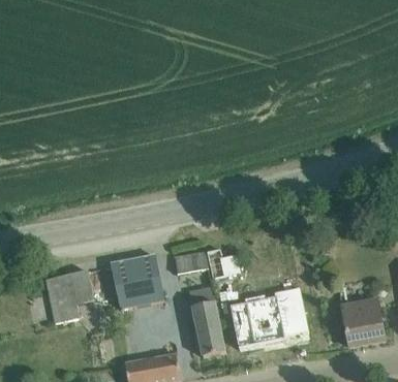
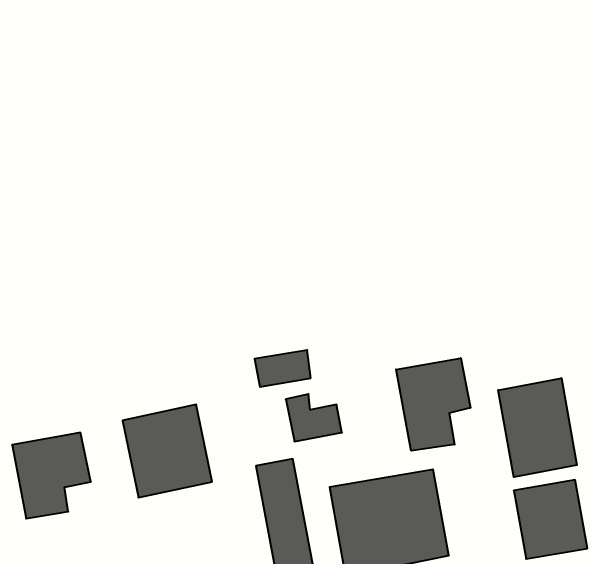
building: none -> [396,358,470,451]
building: none -> [498,378,577,477]
building: [174,251,207,273] -> [255,350,311,387]

